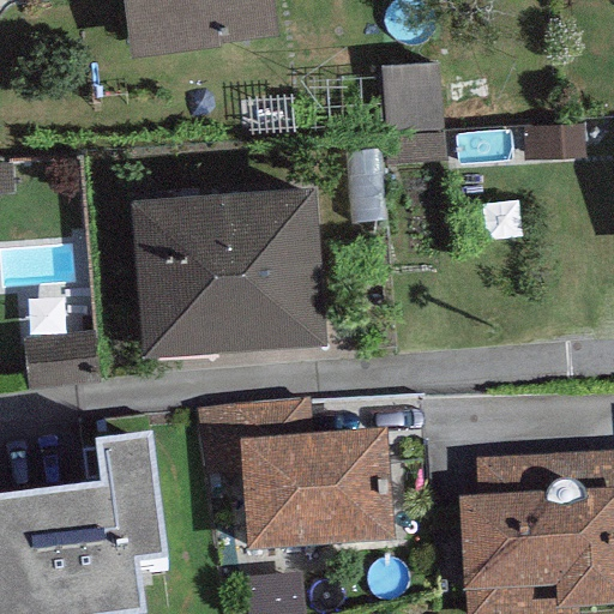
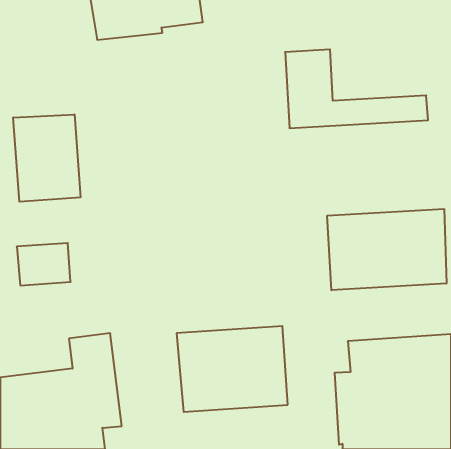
building: none -> [13,114,80,202]
building: [131,185,325,355] -> none
building: none -> [327,209,446,290]

